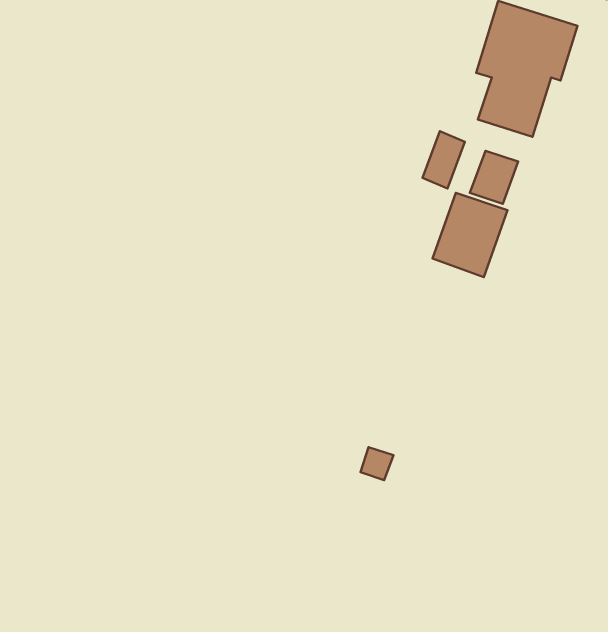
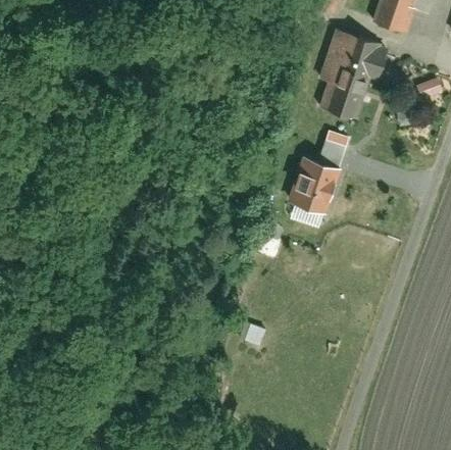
building: [423,131,465,189] -> none

